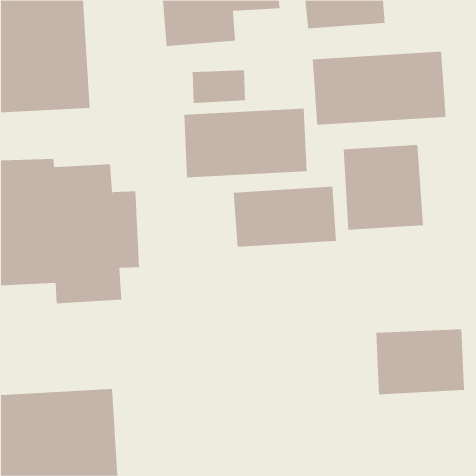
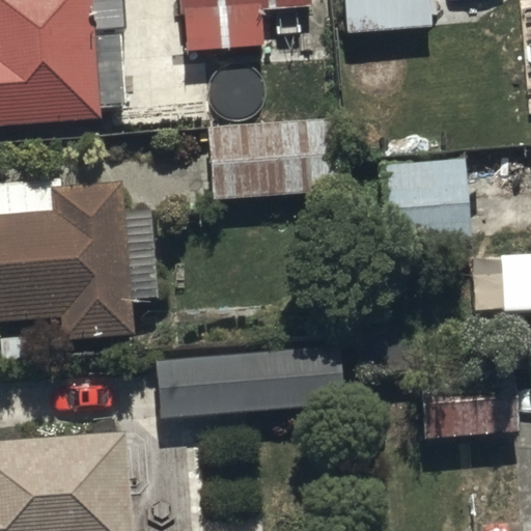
building: [312,51,446,126] -> none
building: [233,186,337,248] -> none
building: none -> [158,344,344,420]

